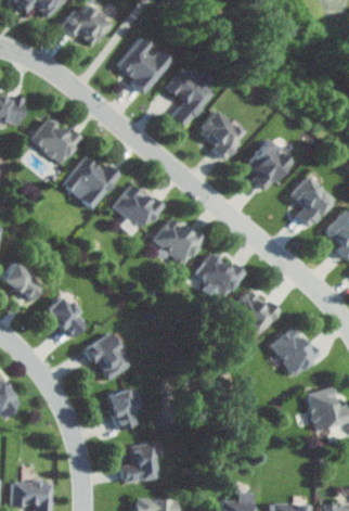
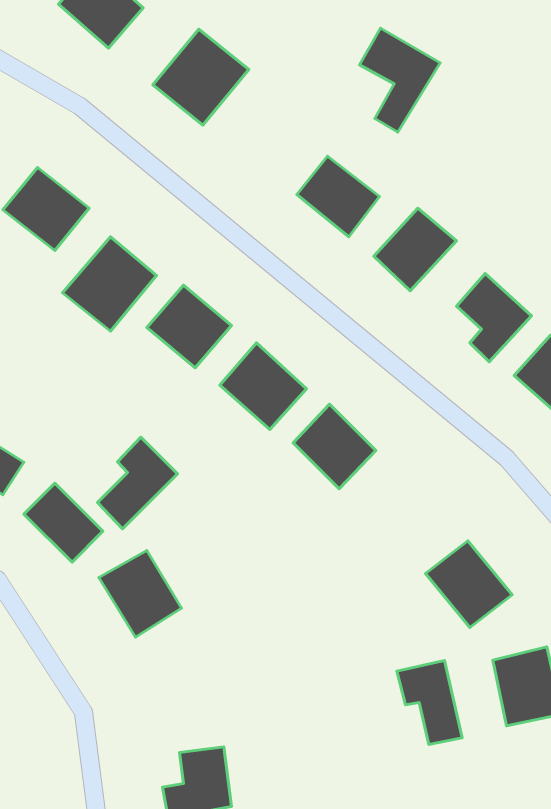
building: [166,69,211,128] -> [360,28,440,132]
building: none -> [98,437,177,529]
building: [231,289,277,334] -> none
building: [107,389,138,431] -> none
building: none -> [397,660,462,744]

